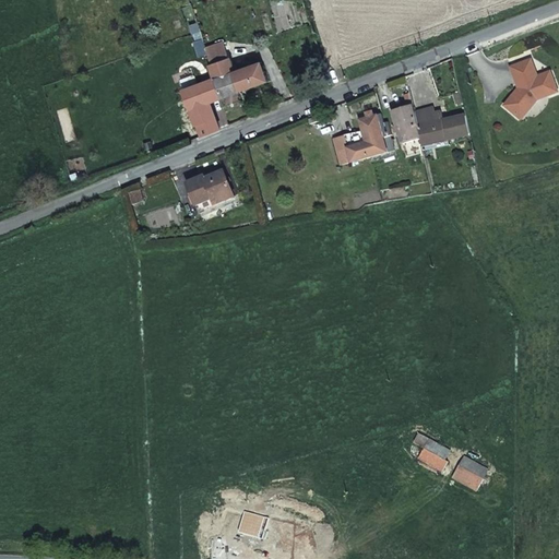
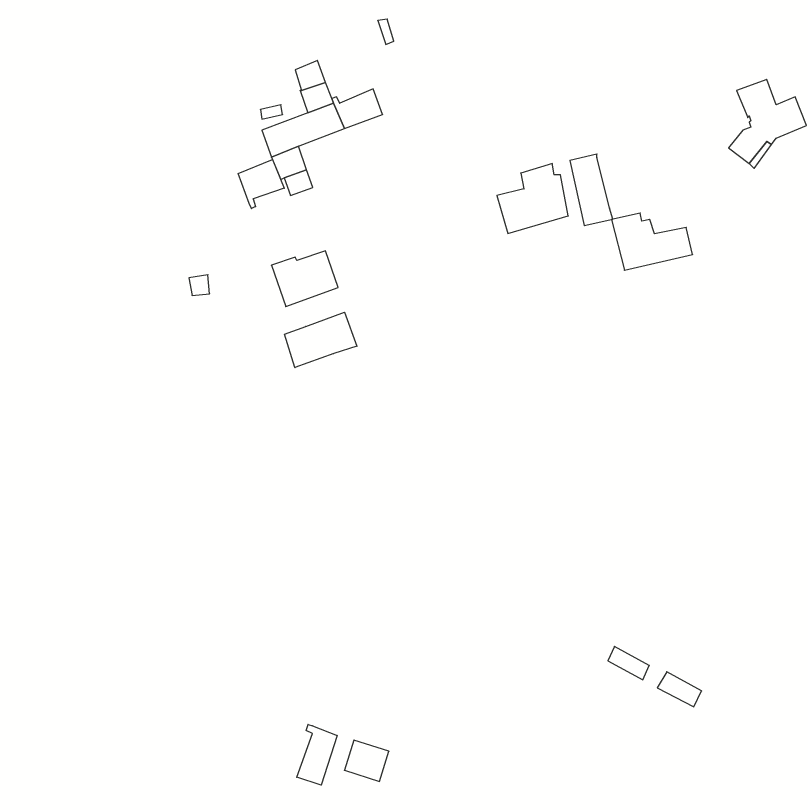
building: [411,105,466,144] -> [612,213,693,270]
building: none -> [238,159,284,209]
building: none -> [284,312,357,368]
building: none -> [297,724,337,785]

